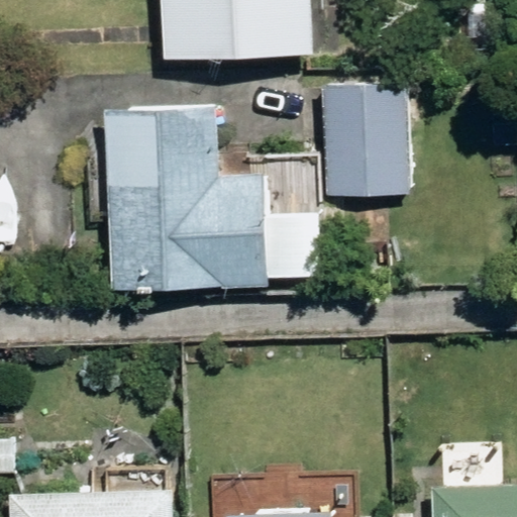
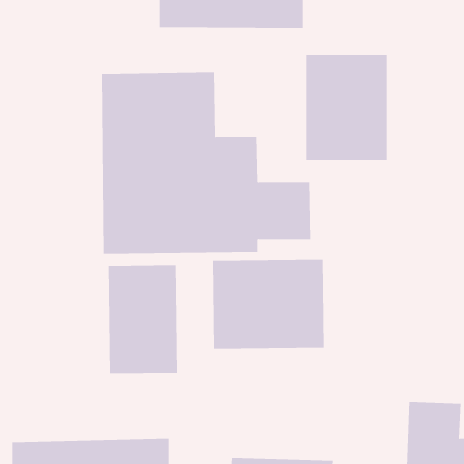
building: none -> [212,259,324,350]
building: none -> [108,265,178,374]

